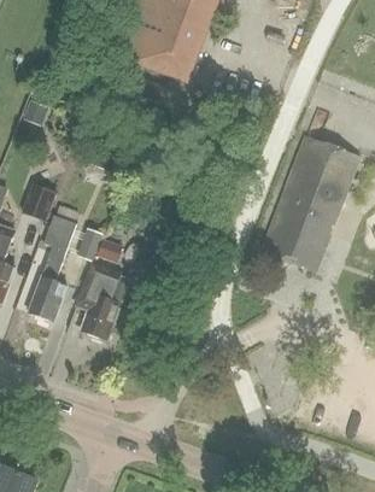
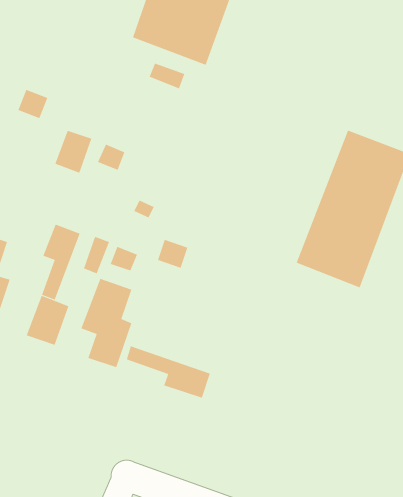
building: [19,183,52,221] -> [55,130,92,174]
building: none -> [126,346,211,399]

